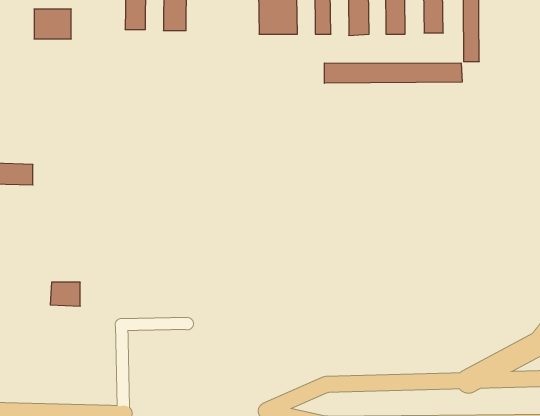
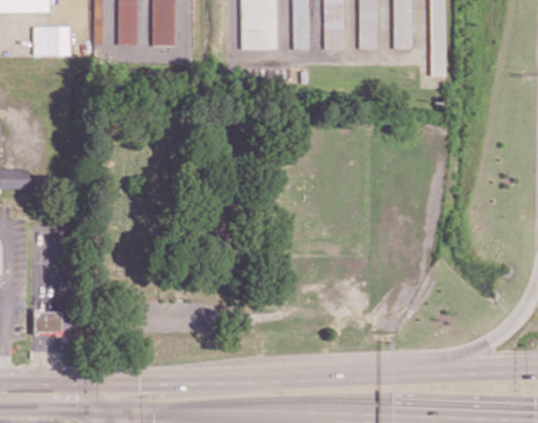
building: [324,63,462,83] -> none
building: [50,282,80,306] -> [32,311,60,334]

